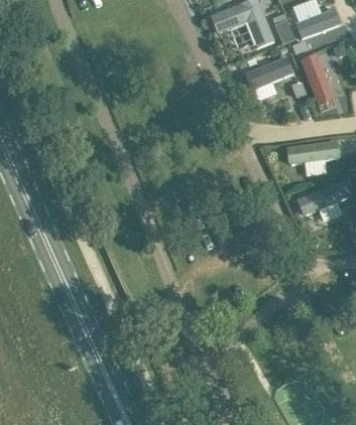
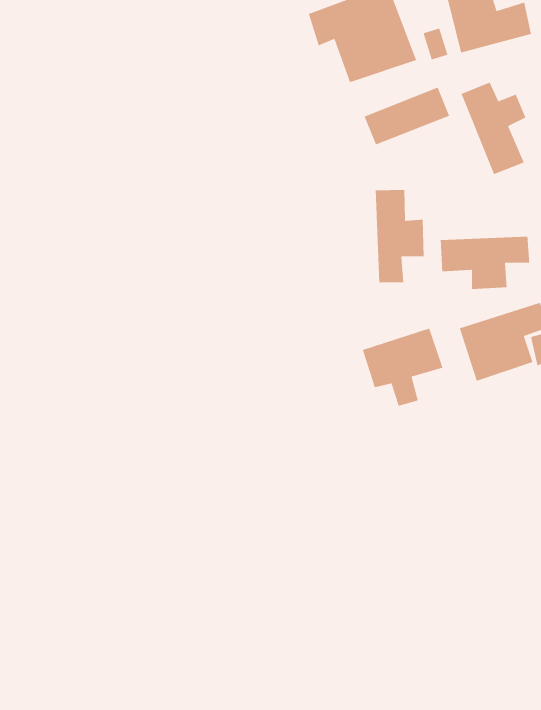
building: none -> [375,189,425,283]
building: none -> [362,328,443,407]

